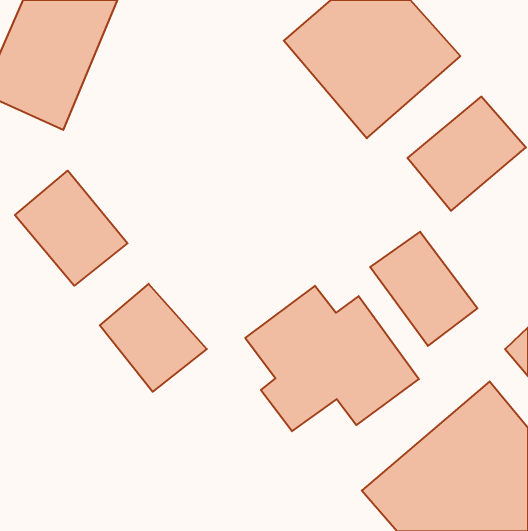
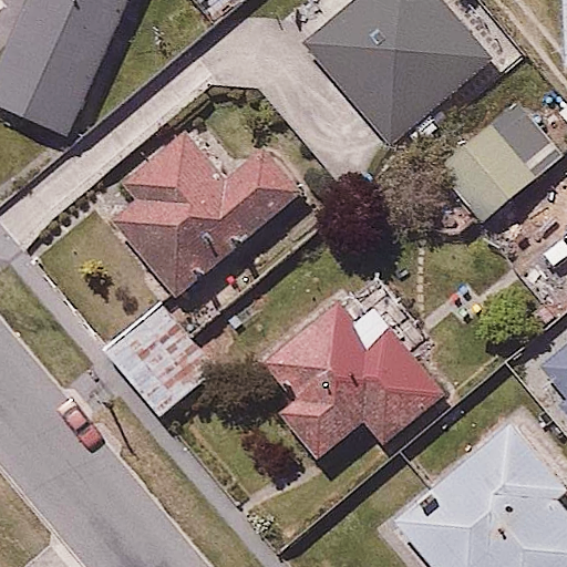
building: none -> [114,117,322,299]
building: [15,171,128,286] -> none
building: [370,232,477,346] -> none

